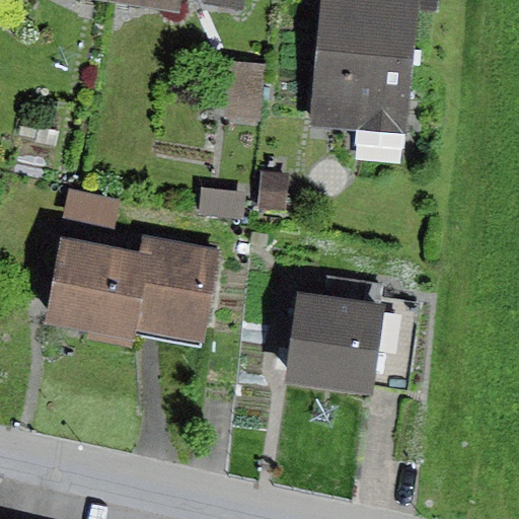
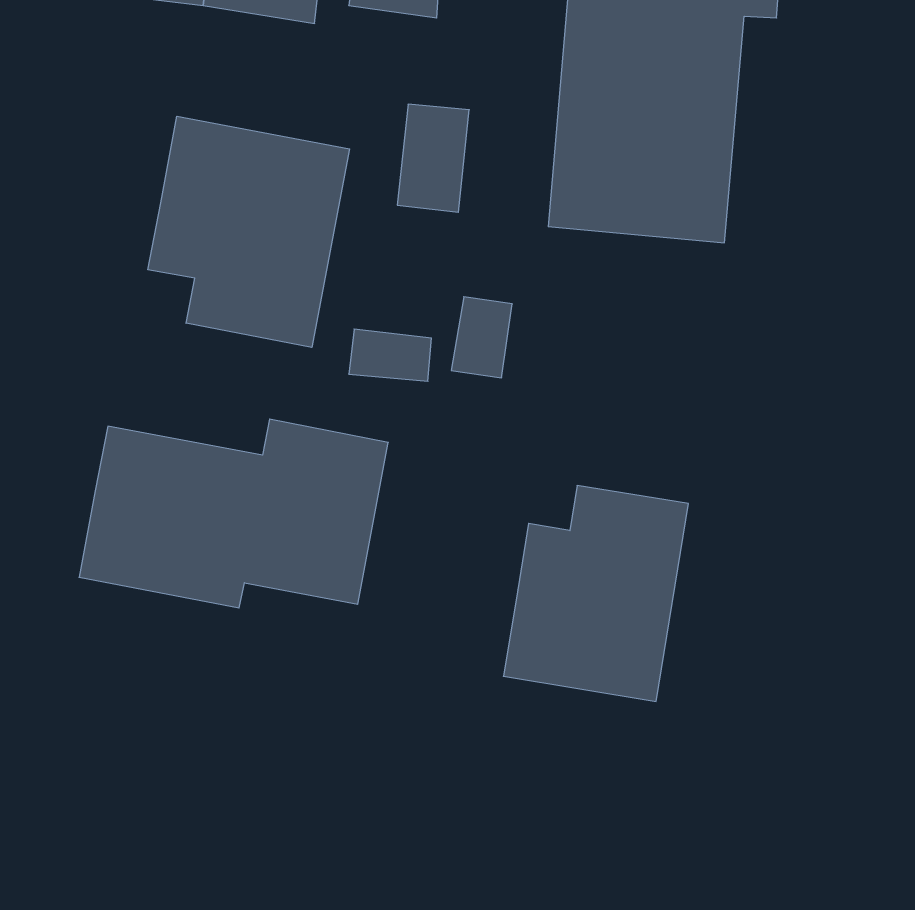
building: none -> [148,116,350,347]

